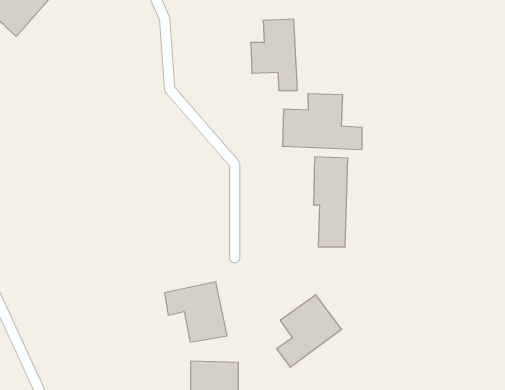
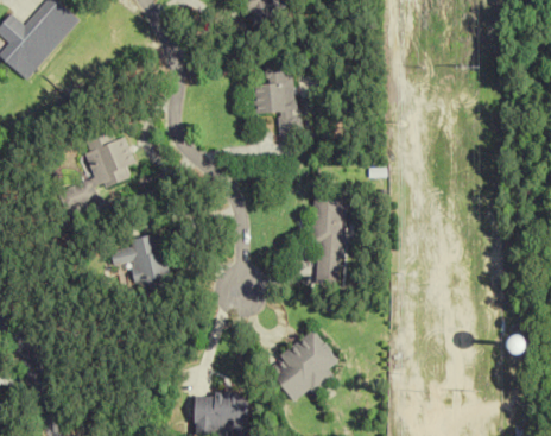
building: none -> [59,132,133,217]
building: [283,93,362,150] -> none
building: [164,282,227,342] -> [112,235,172,293]

